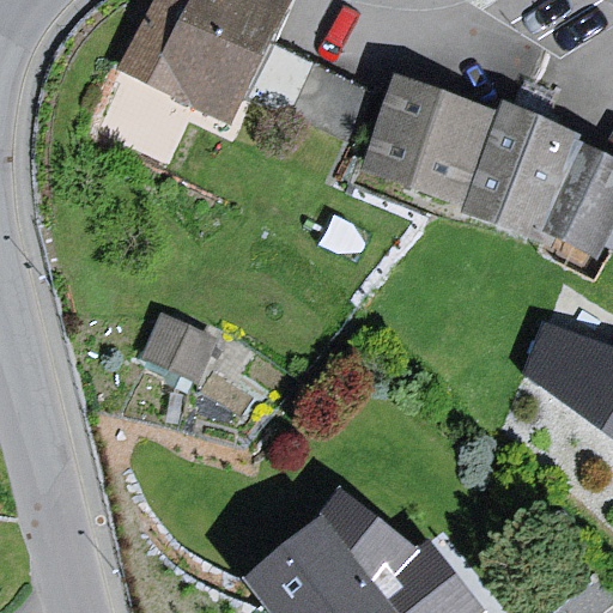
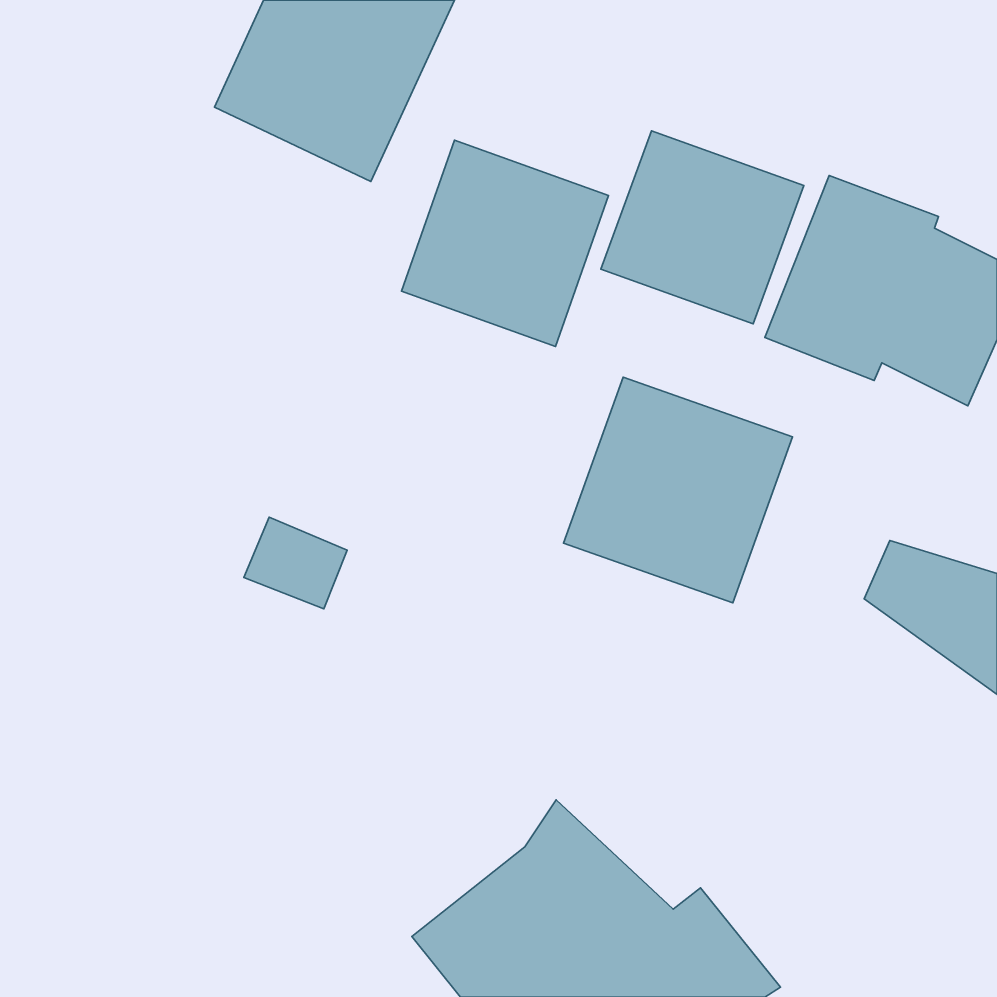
building: none -> [401,140,609,346]
building: none -> [563,377,792,603]

